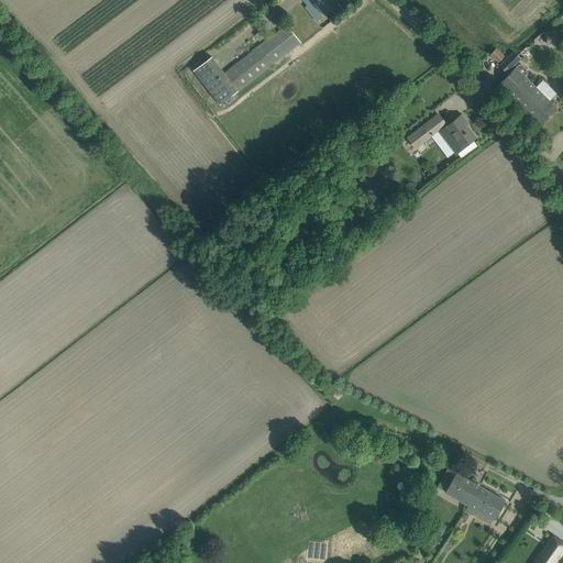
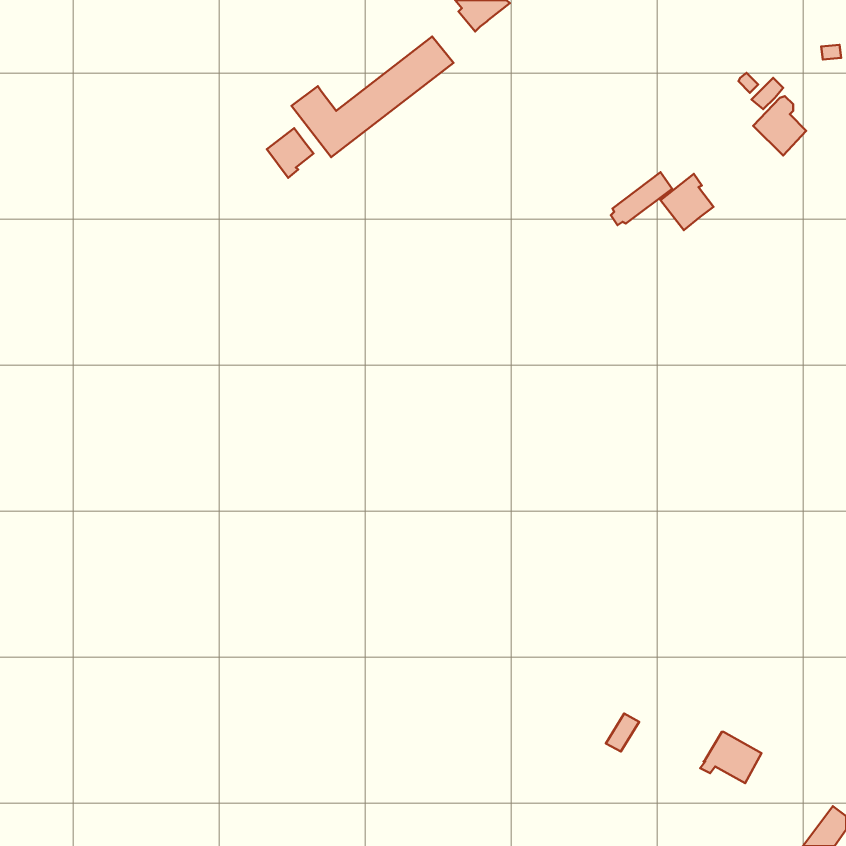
building: none -> [267,128,314,178]
building: [520,87,556,123] -> none
building: [437,468,479,506] -> none

